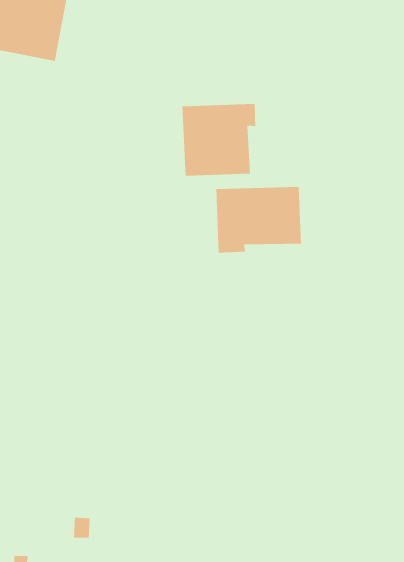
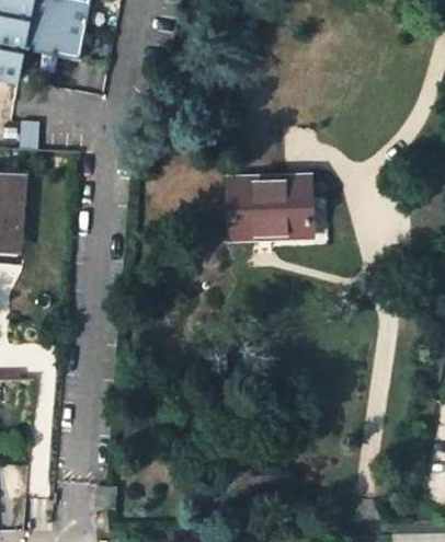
building: [182,103,256,176] -> none

